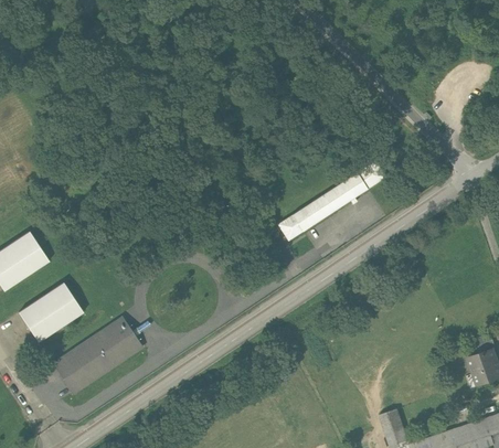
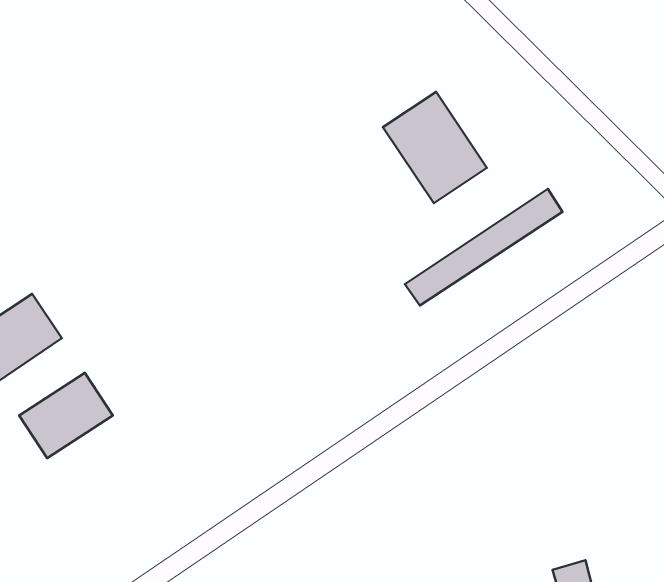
building: none -> [383,92,487,203]
building: [53,317,141,392] -> none

